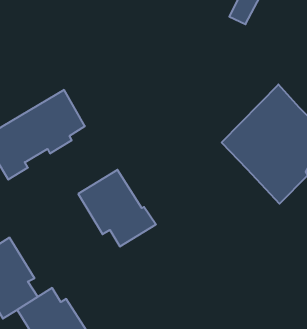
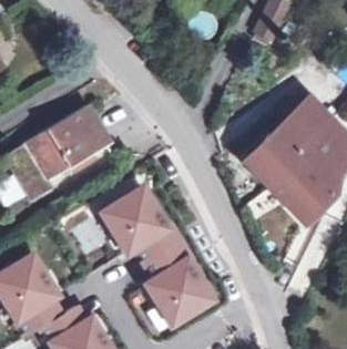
building: none -> [143,243,211,324]

